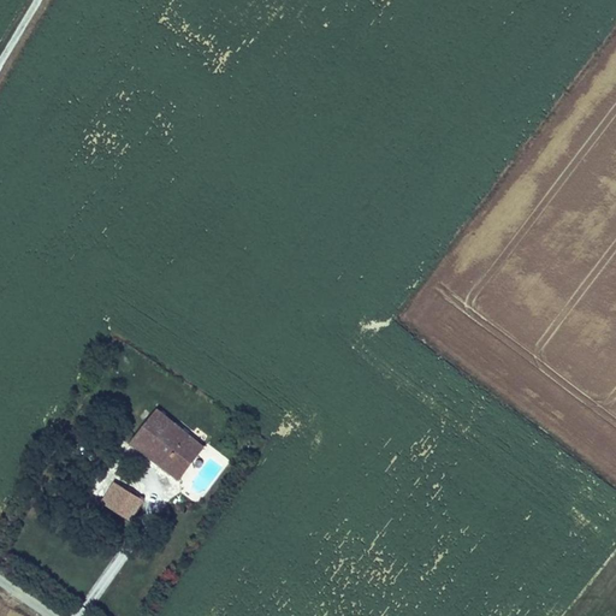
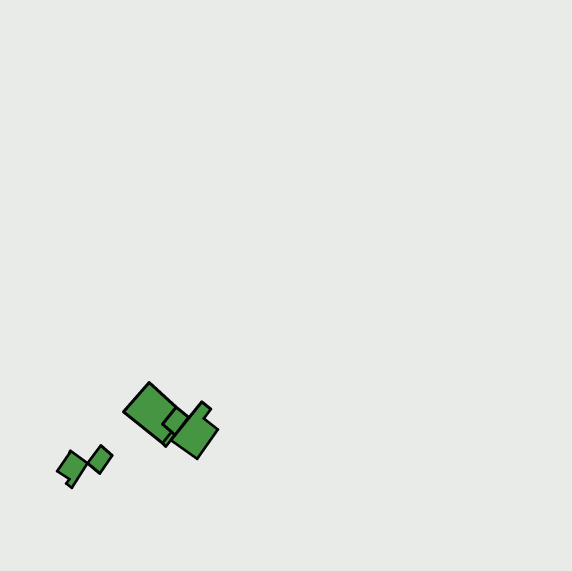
building: none -> [171,402,218,459]
building: [107,486,140,526] -> [57,451,87,488]

